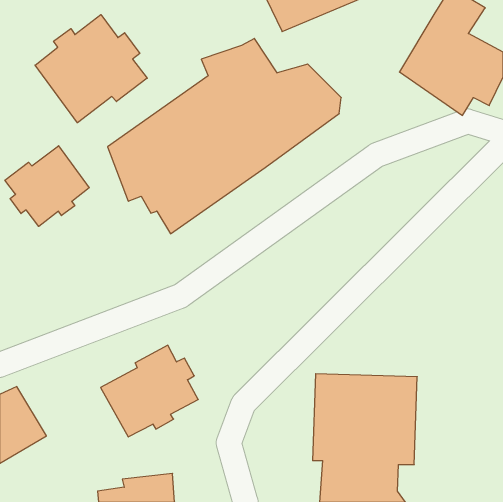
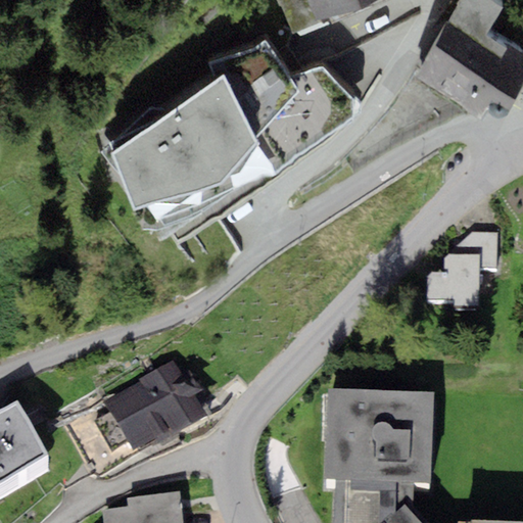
building: [35,15,147,123] -> none
building: [5,146,89,226] -> none
building: none -> [426,231,497,311]

